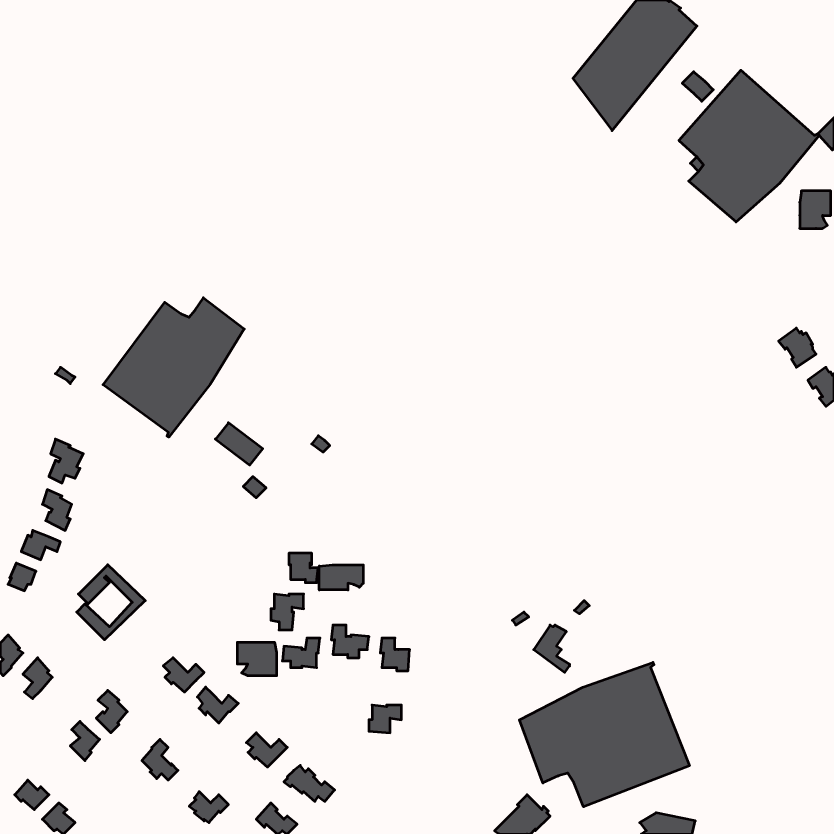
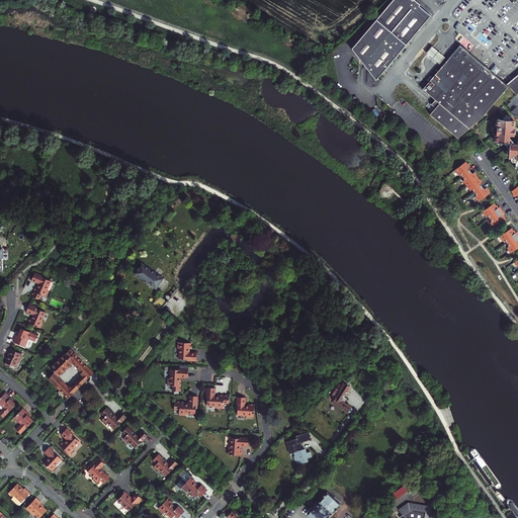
building: none -> [455,162,490,201]
building: [103,298,244,437] -> none
building: [319,565,363,590] -> none
building: [237,642,277,676] -> none
building: [519,662,689,807] -> none
building: none -> [287,432,312,464]

